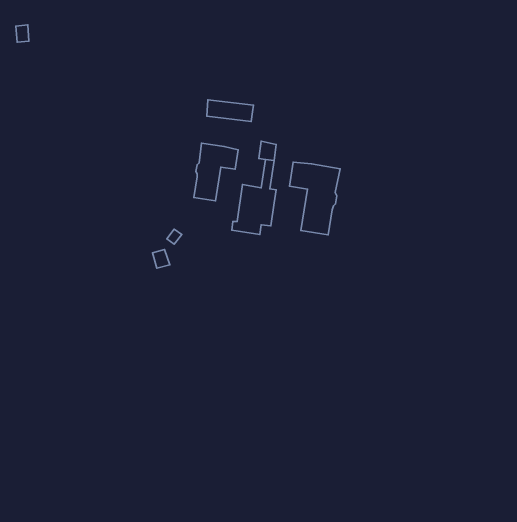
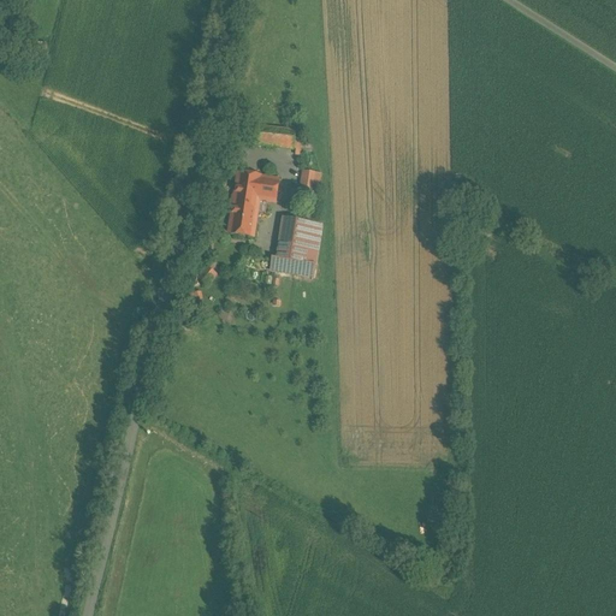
building: [290,162,340,235] -> none

